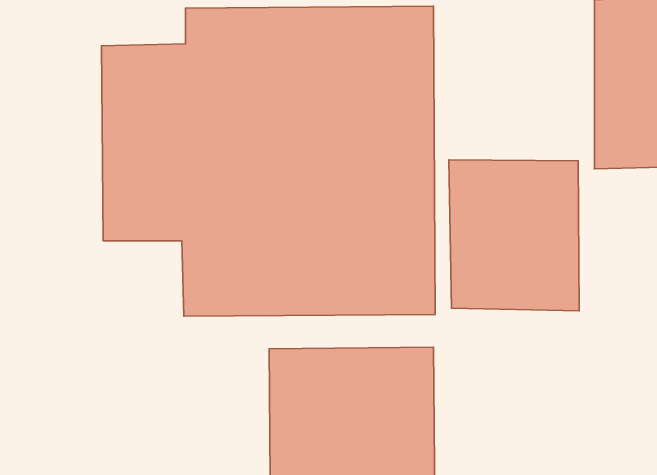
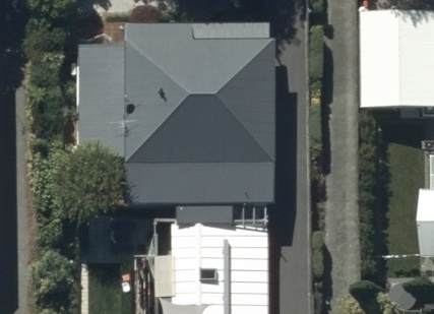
building: [449,160,579,311] -> none

